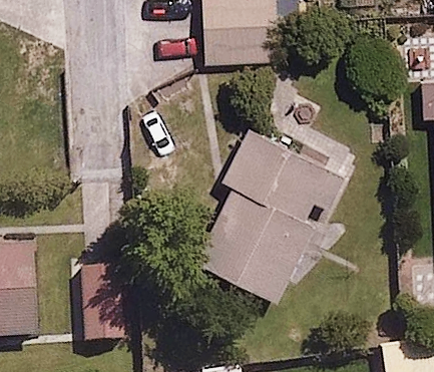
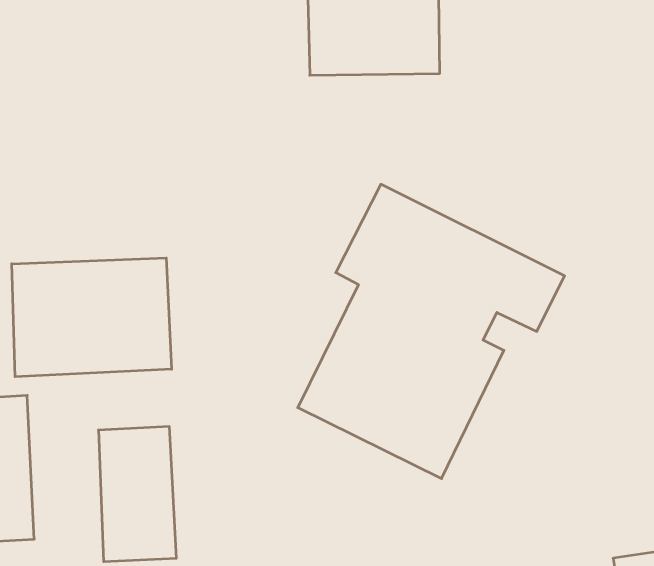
building: none -> [12,258,172,377]

